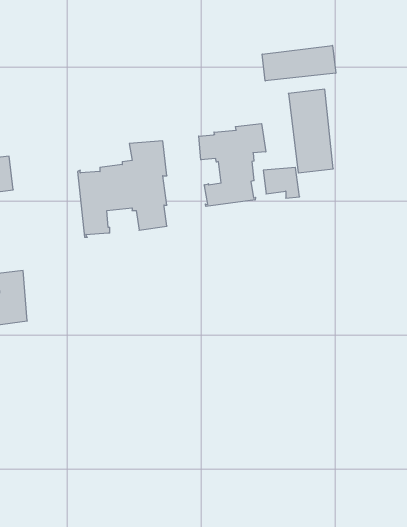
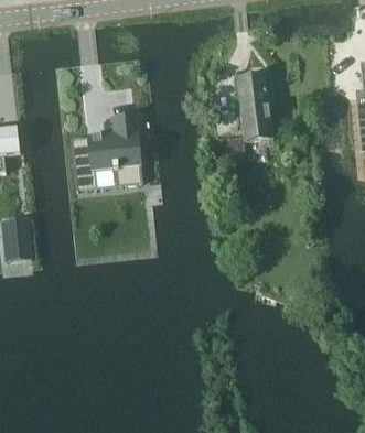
building: [262,45,336,81] -> none
building: [199,124,266,206] -> none

